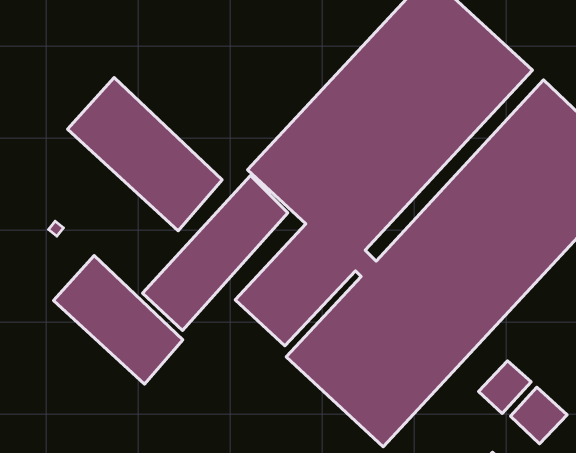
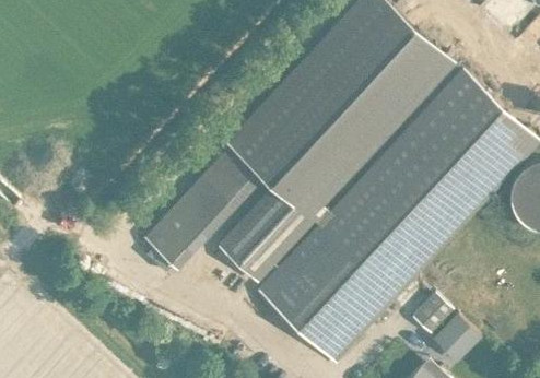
building: [67,77,222,231] -> none
building: [53,255,183,384] -> none

